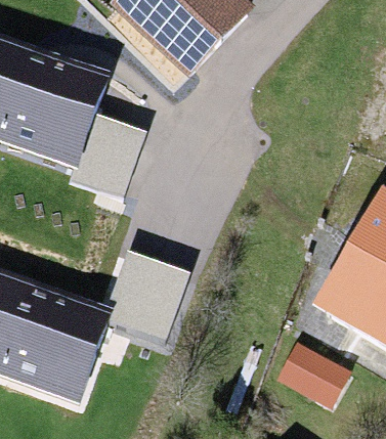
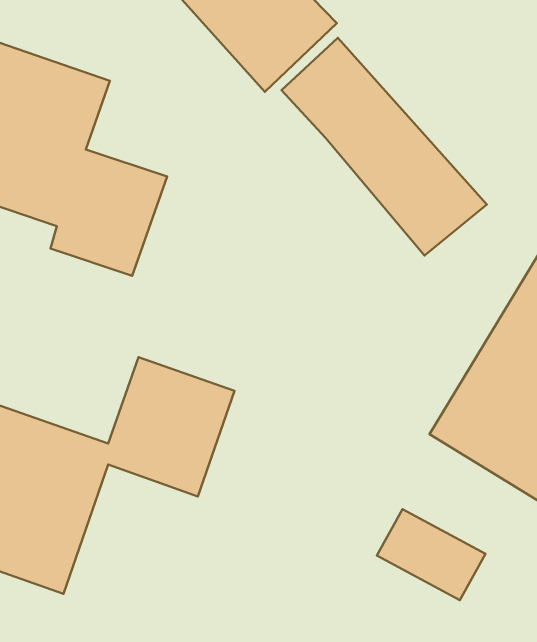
building: none -> [281,38,487,255]

